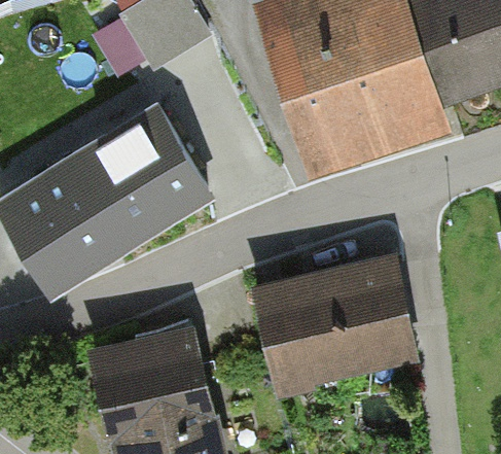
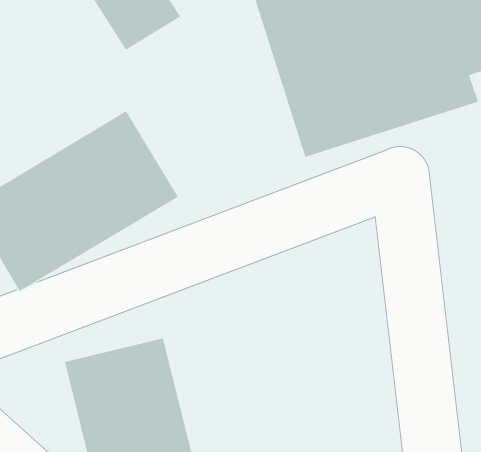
building: [269,250,421,389] -> none

